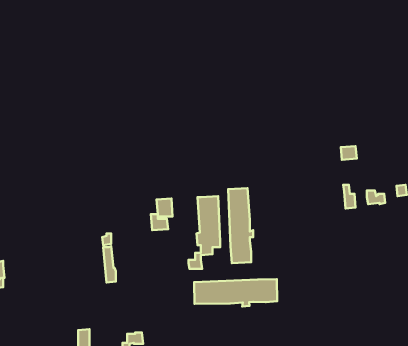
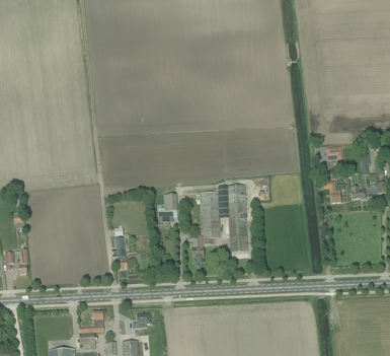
building: [194,279,277,307] -> none

